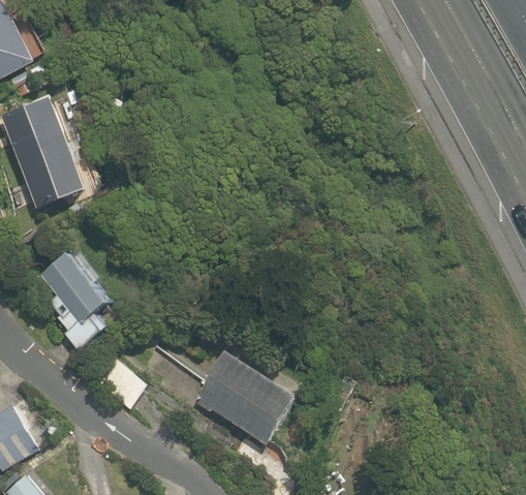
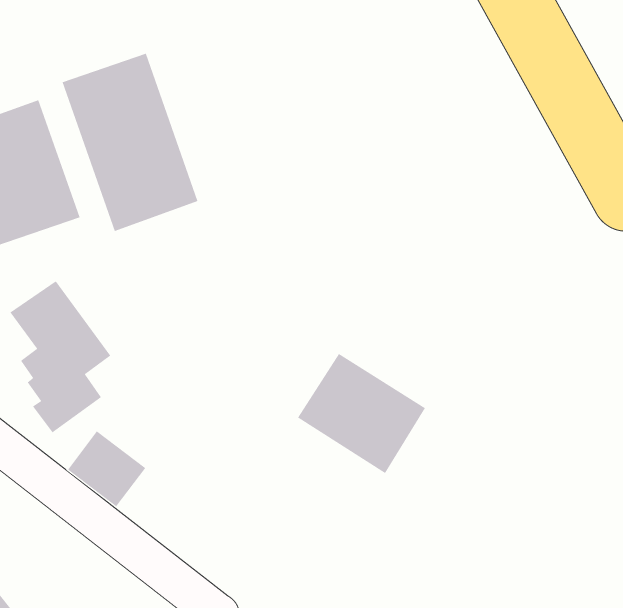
building: none -> [62,53,198,232]
building: [194,350,293,443] -> [297,353,426,474]

